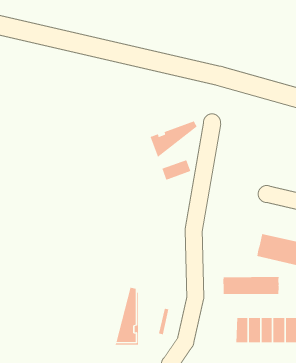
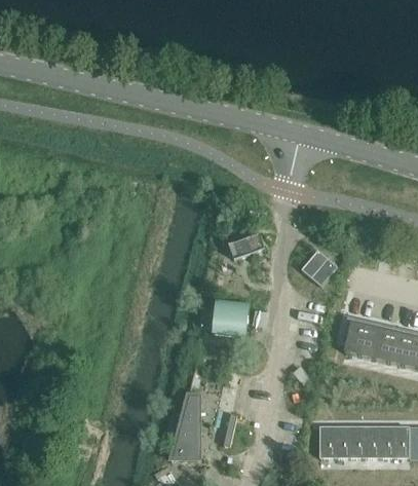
building: [150,120,197,158] -> none
building: none -> [301,249,337,285]
building: none -> [213,299,249,336]
building: [223,276,279,295] -> none

